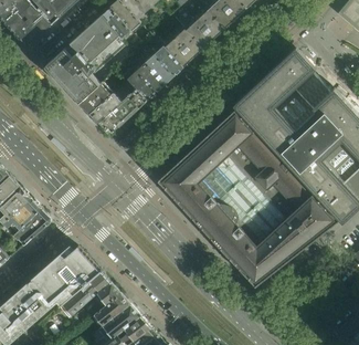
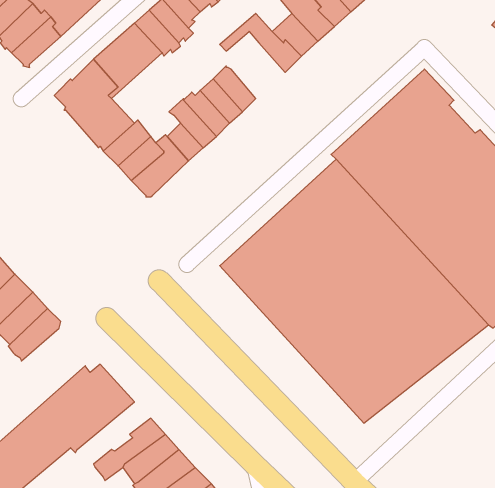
building: [162,30,202,67] -> none
building: [62,272,112,315] -> none

